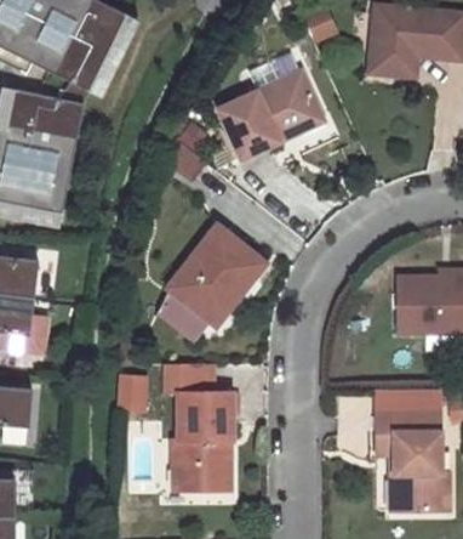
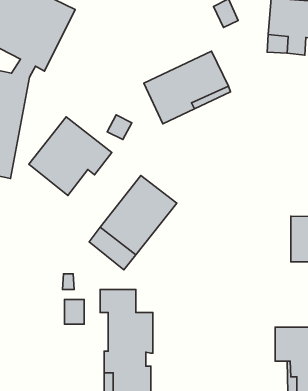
building: none -> [29,117,112,195]

